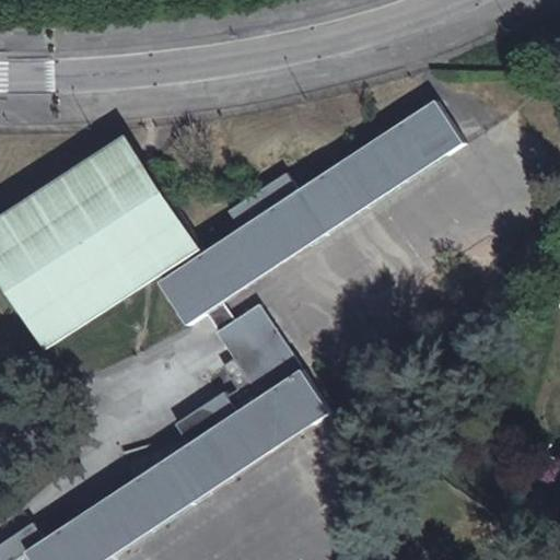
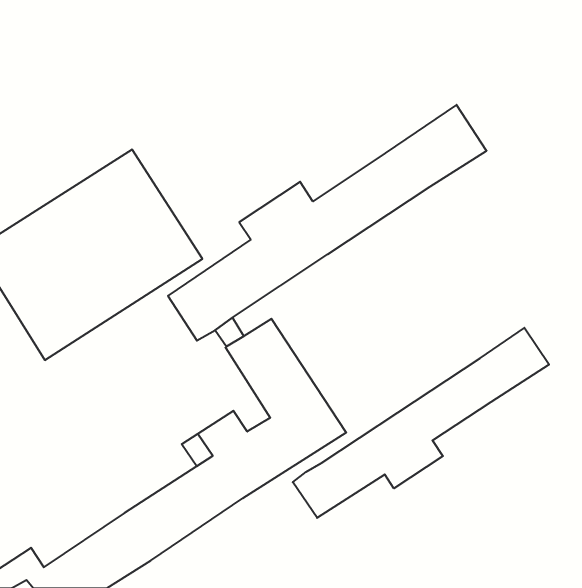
building: none -> [293,328,549,518]

